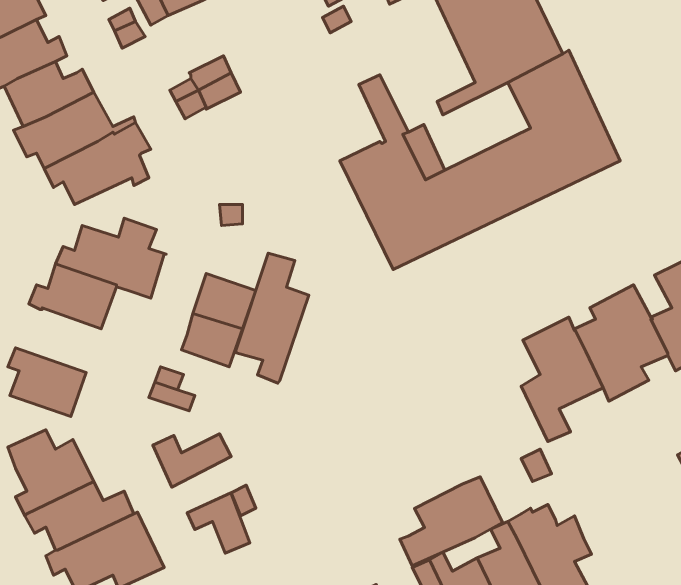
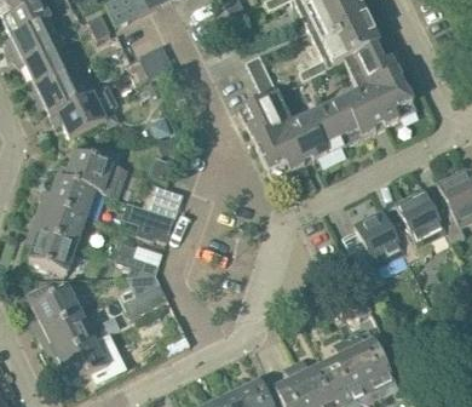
building: [236,253,309,383] -> none
building: none -> [30,205,85,246]
building: [400,477,503,566] -> none
building: [187,493,250,553] -> none

